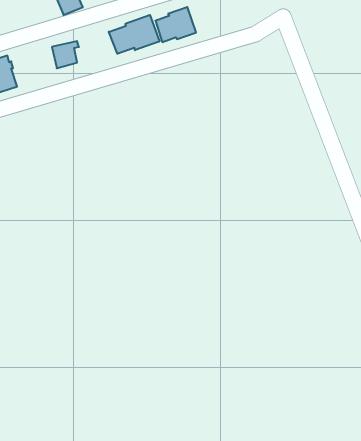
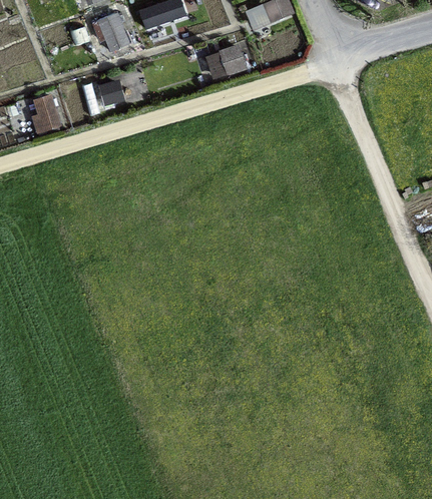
building: [109,15,159,54] -> none

